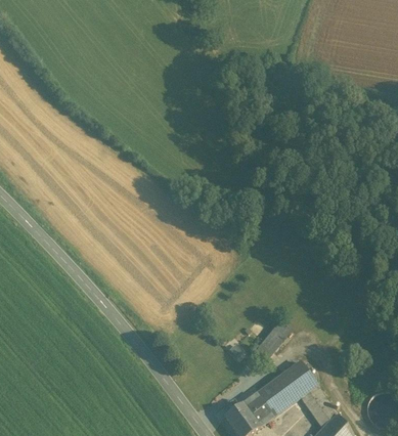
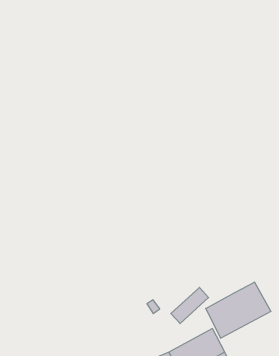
building: none -> [206,282,271,338]

